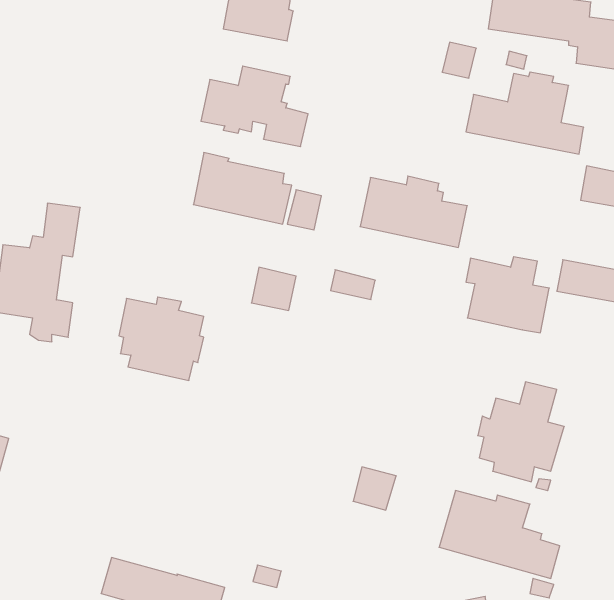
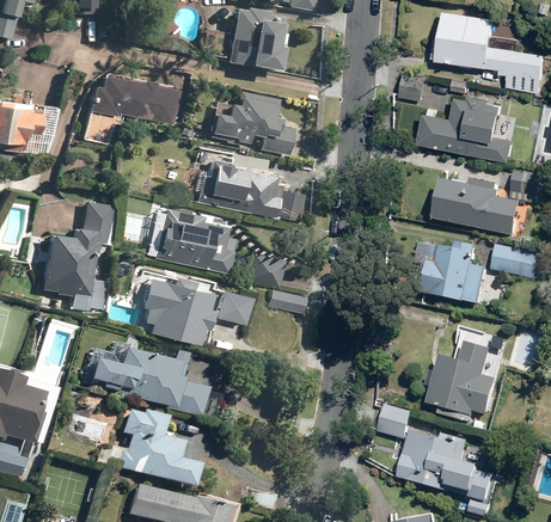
building: none -> [80,72,175,143]
building: [360,176,467,247] -> [435,178,521,235]
building: none -> [143,207,232,272]
building: [331,270,375,300] -> [268,288,304,312]
building: none -> [214,288,247,323]
building: none -> [87,348,208,417]
building: none -> [115,410,196,487]
building: [353,467,396,510] -> [380,404,415,438]

